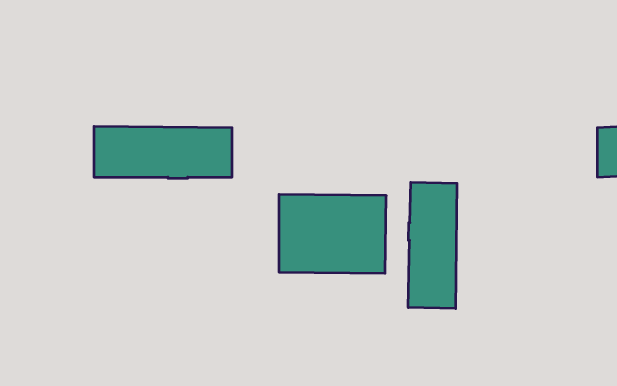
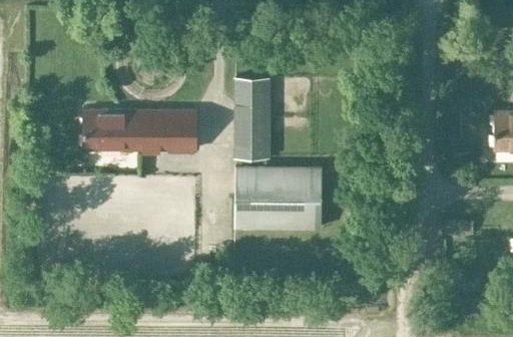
building: none -> [233,79,271,159]
building: [408,182,457,309] -> none

